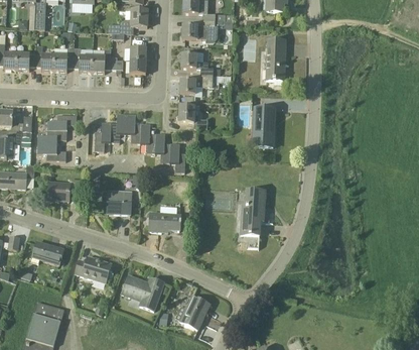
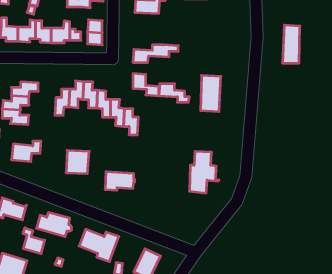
building: [266,38,285,80] -> [282,25,300,63]
building: [180,53,214,74] -> [159,84,189,102]
building: none -> [23,228,45,254]

